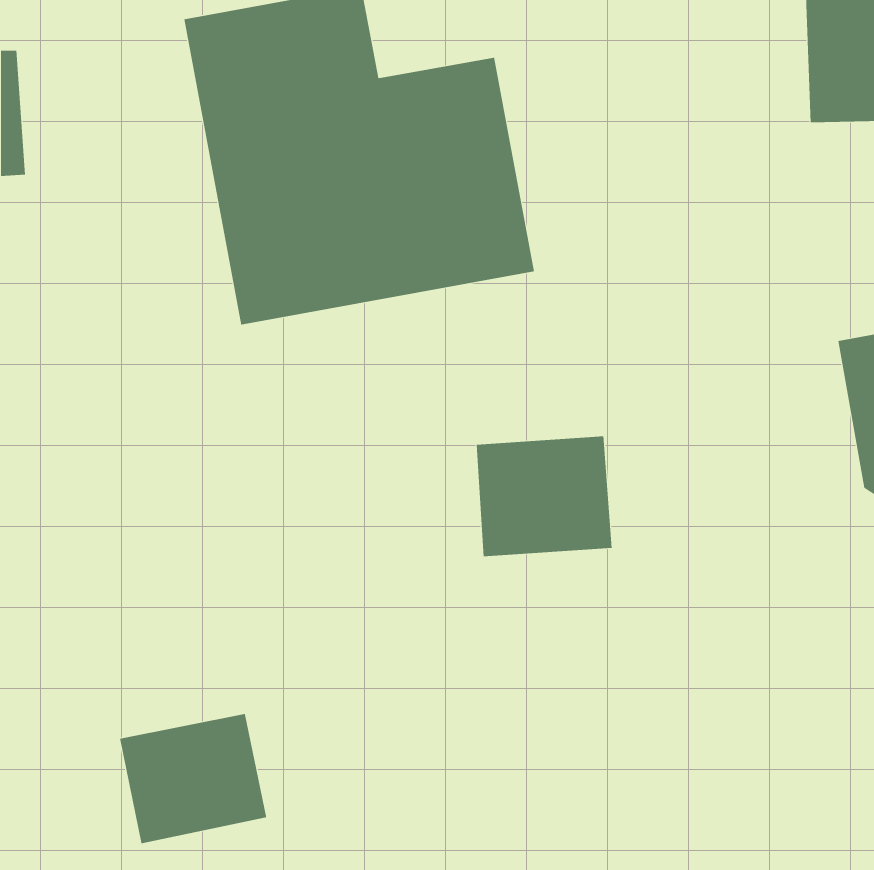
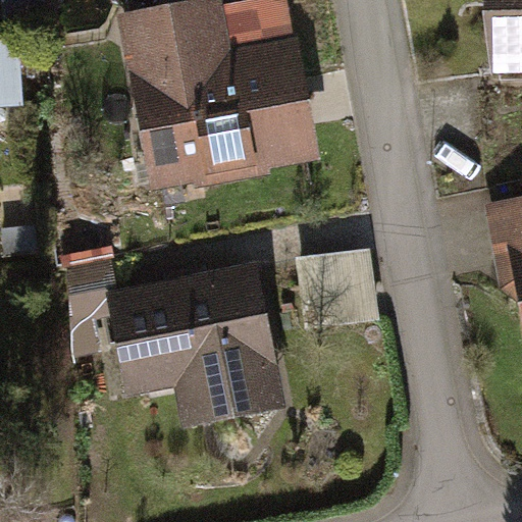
building: none -> [105,259,288,428]
building: [119,713,267,844] -> none

